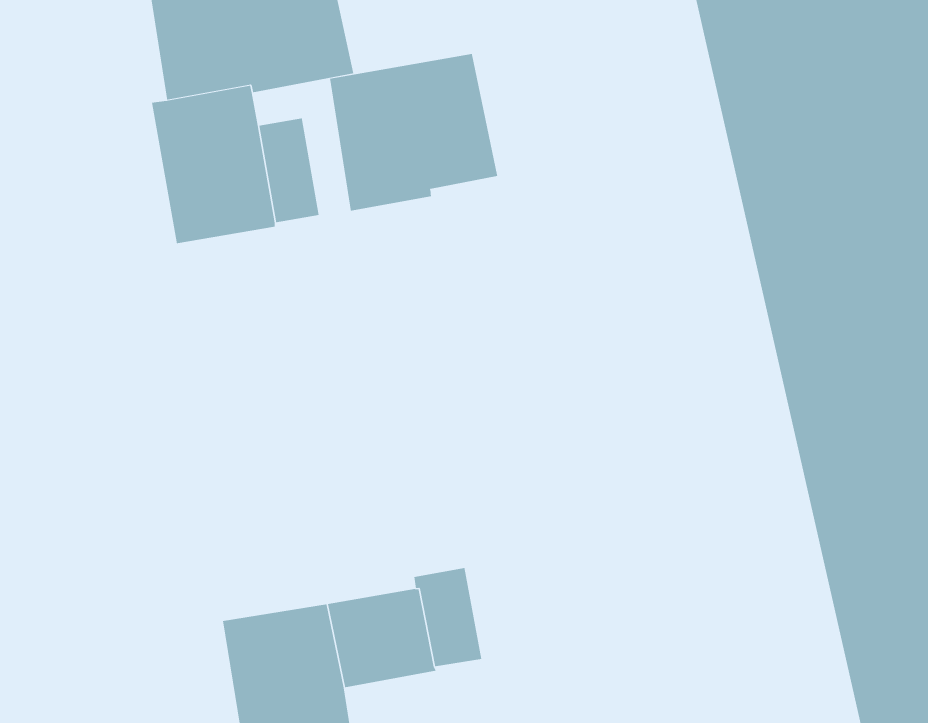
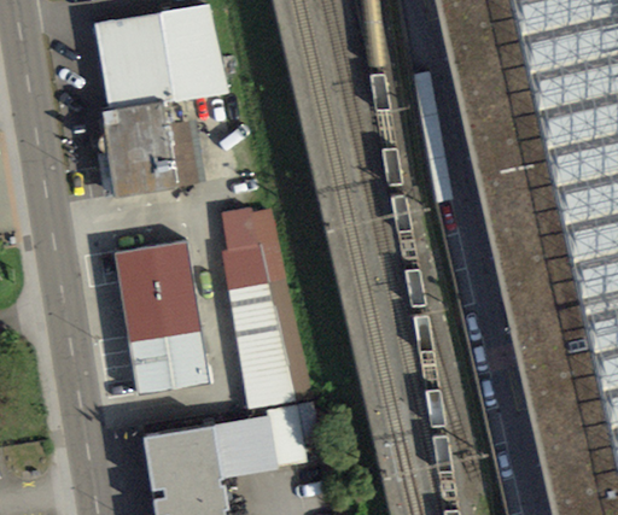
building: [330,53,498,211] -> none
building: none -> [222,205,313,408]
building: none -> [115,240,209,393]

